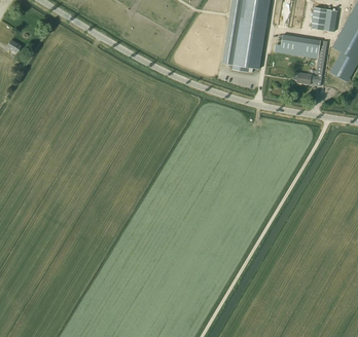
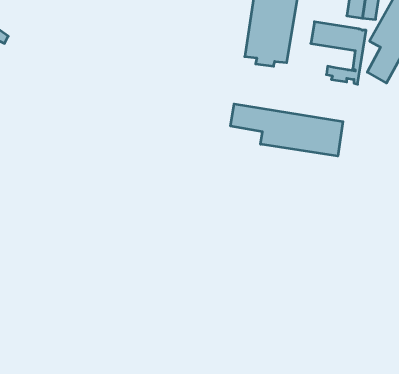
building: none -> [231,104,343,156]

